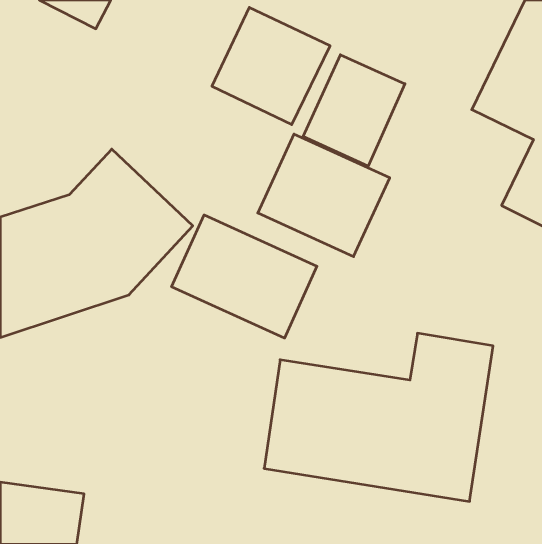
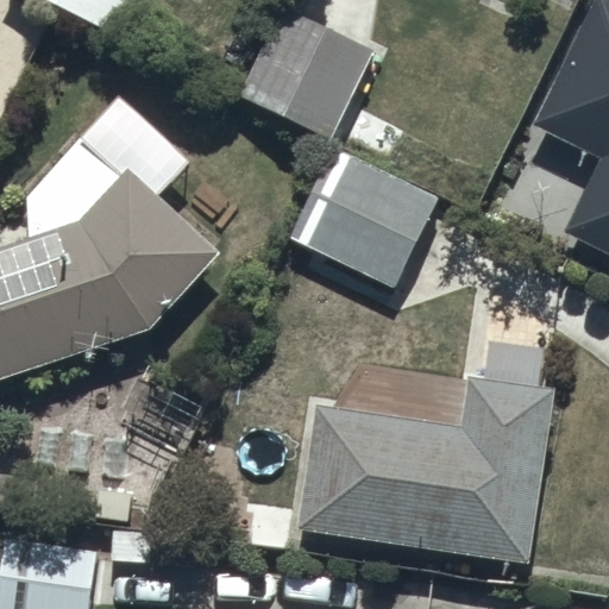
building: [303,55,405,166] -> none
building: [172,215,317,338] -> none

